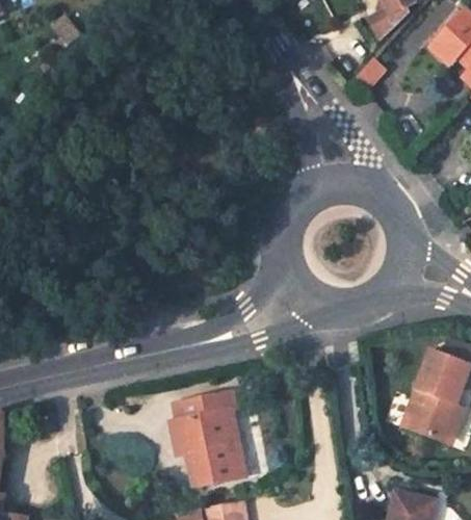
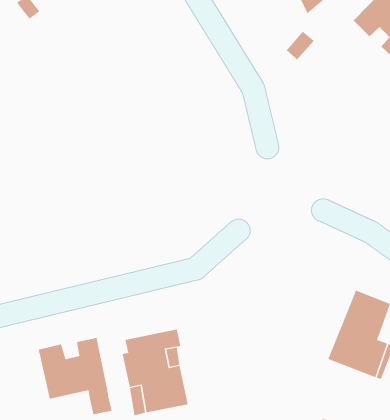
building: none -> [38,337,112,415]

